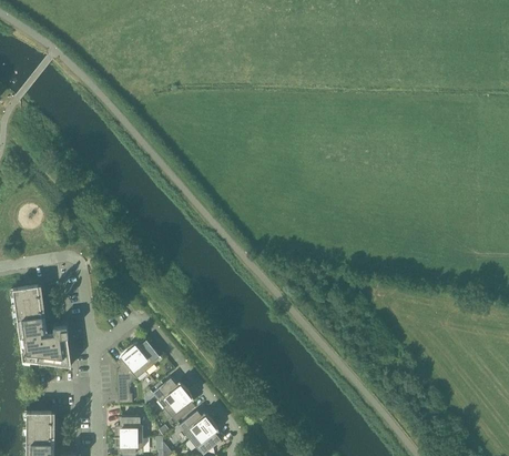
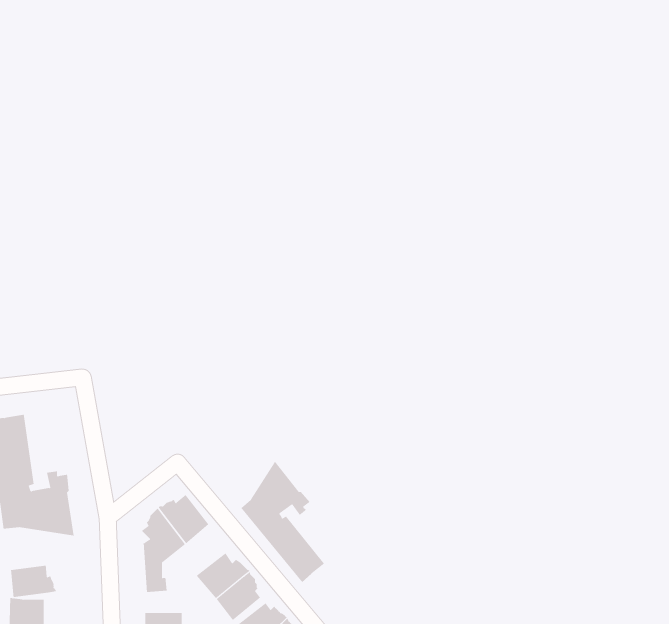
building: none -> [241,461,325,583]
building: none -> [11,565,56,598]

